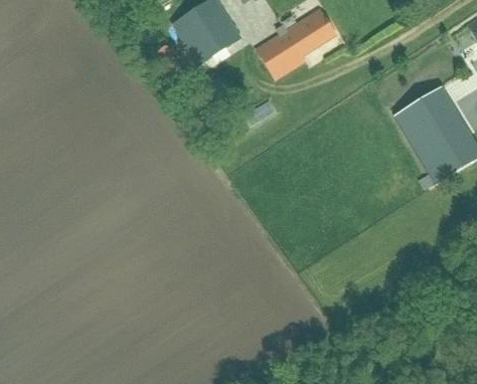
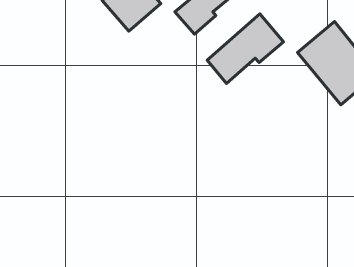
building: none -> [207,14,283,84]

